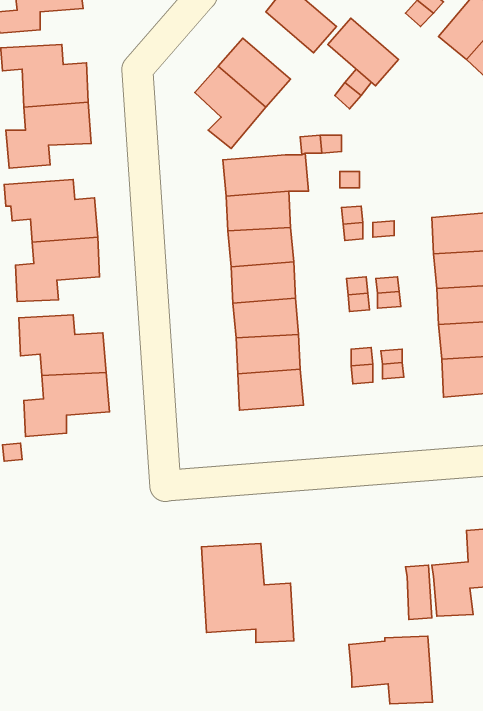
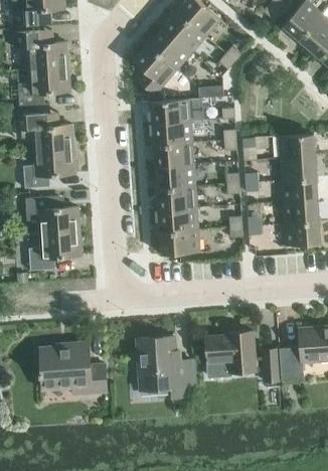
building: [328,18,398,86] -> [163,11,206,52]
building: none -> [40,342,107,395]
building: [349,636,433,704] -> [205,331,257,372]

